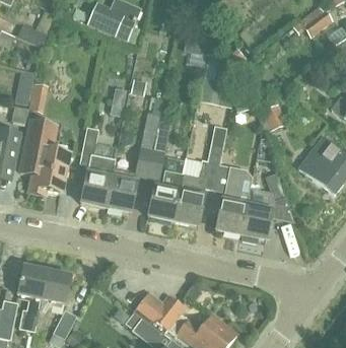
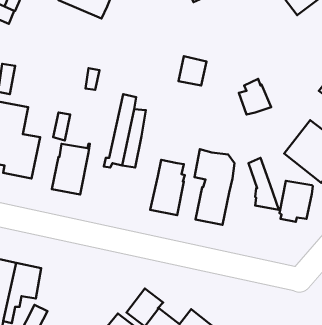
building: [198,139,224,190] -> none
building: [107,166,137,211] -> none
building: [148,169,183,220] -> none
building: [240,204,272,242] -> [279,181,313,222]

